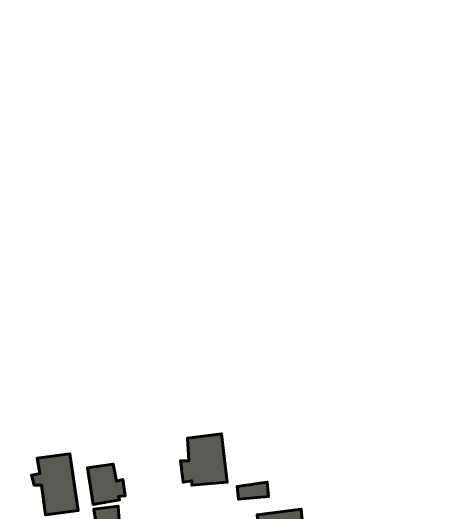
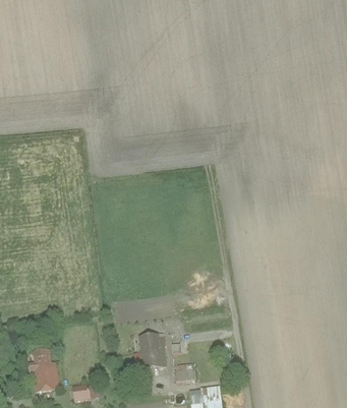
building: [87,464,125,505] -> none

